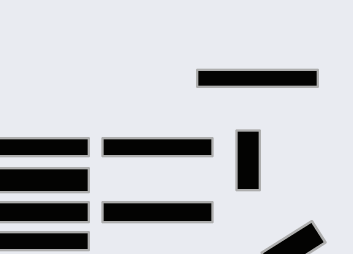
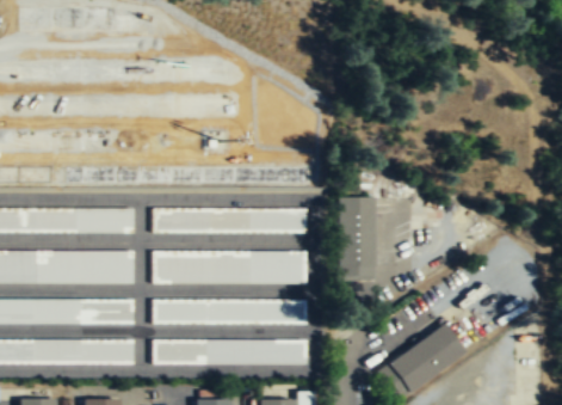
building: [197,70,318,87] -> none
building: none -> [155,250,309,283]
building: none -> [155,339,309,364]

